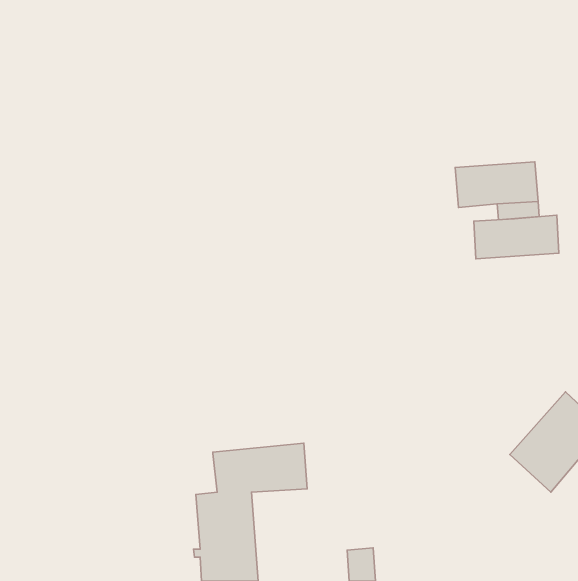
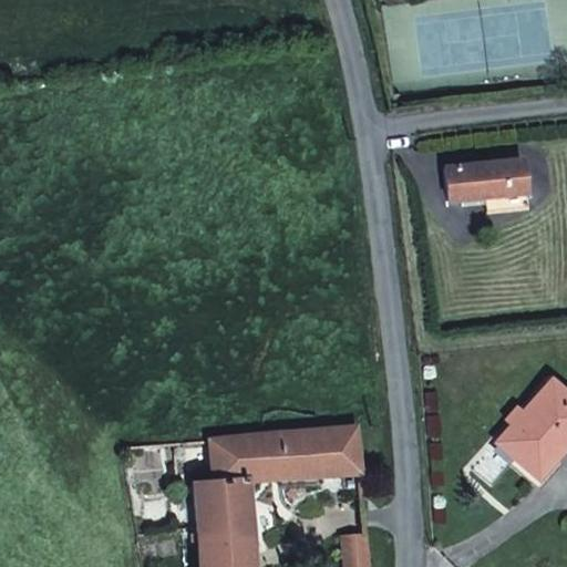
building: [474,215,559,259] -> none
building: none -> [299,426,360,475]

